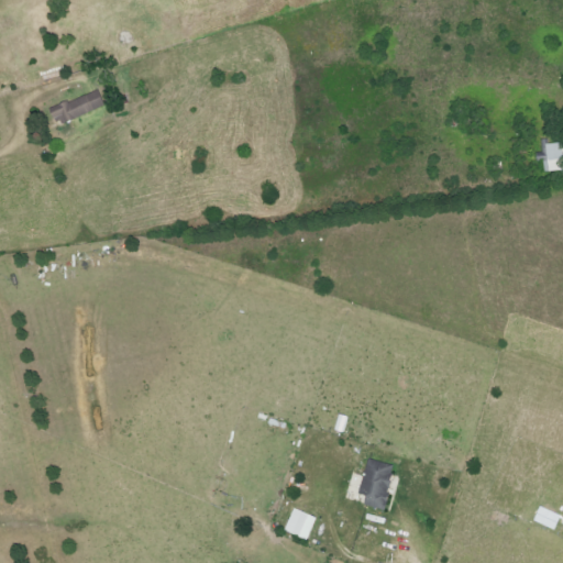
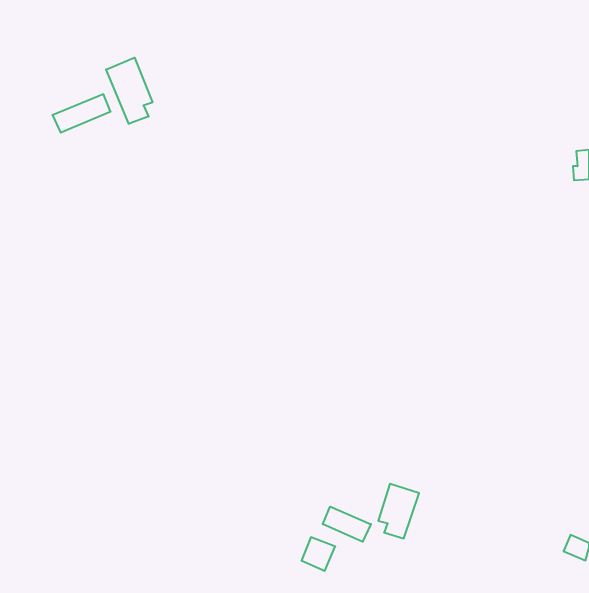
building: none -> [106,58,153,124]
building: none -> [323,507,371,542]

